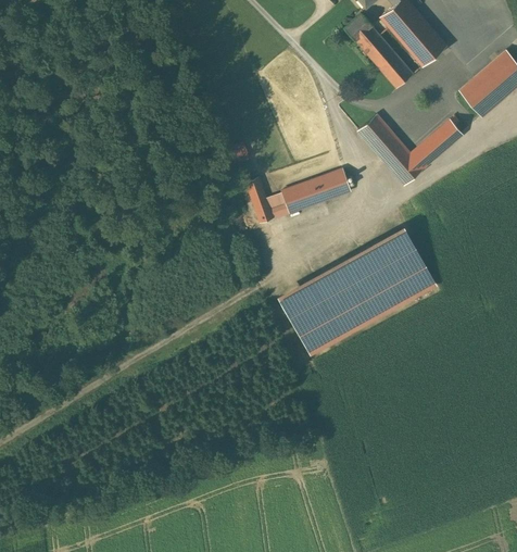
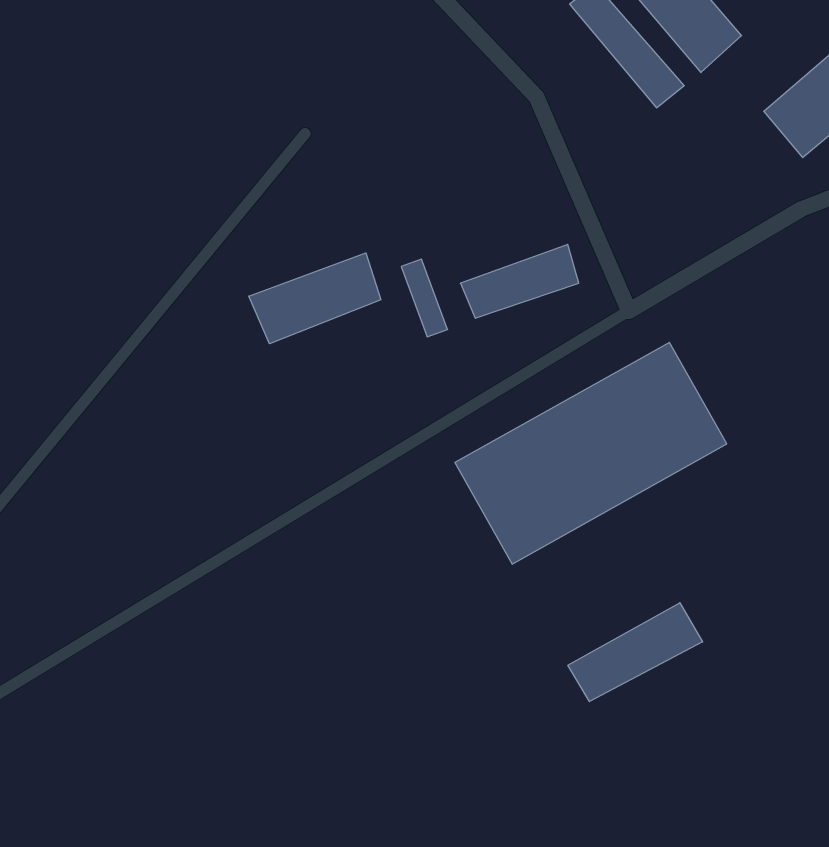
building: [358,115,462,184] -> none
building: none -> [249,253,381,344]
building: none -> [568,603,703,702]

